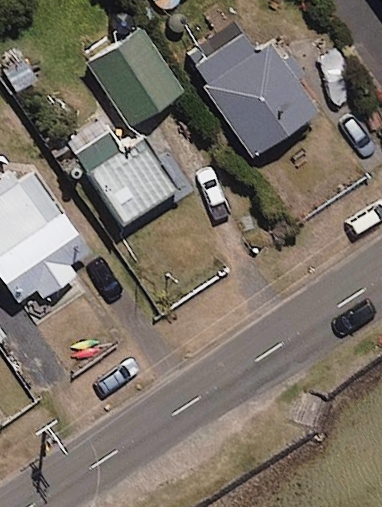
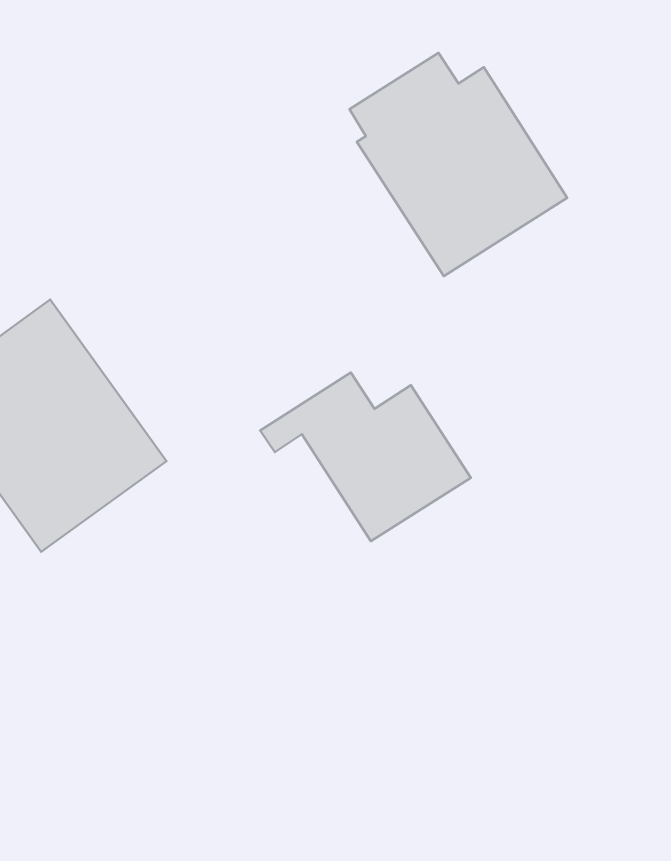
building: [88,29,184,128] -> none
building: [61,133,177,226] -> [260,372,471,541]

